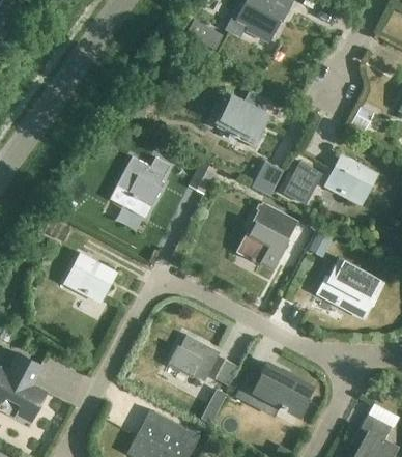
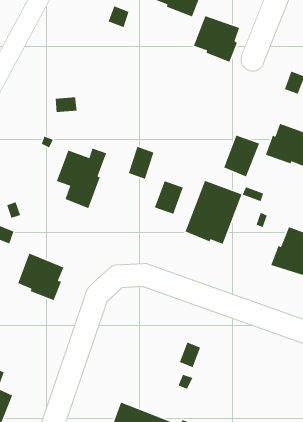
building: [217,97,265,147] -> [193,15,240,63]
building: [251,161,283,196] -> [154,180,184,215]
building: [167,335,220,381] -> none
building: [234,361,313,417] -> none

